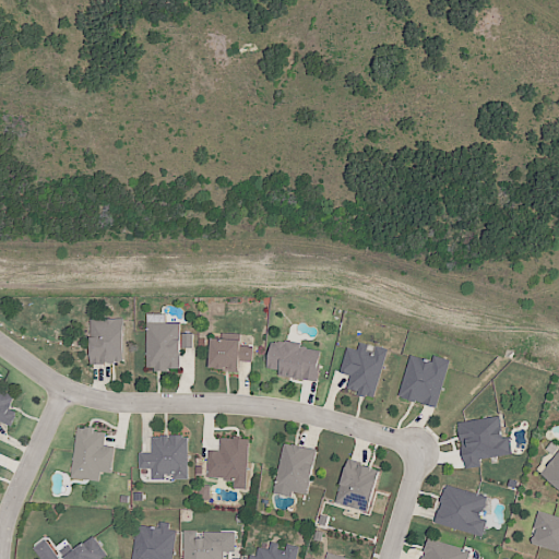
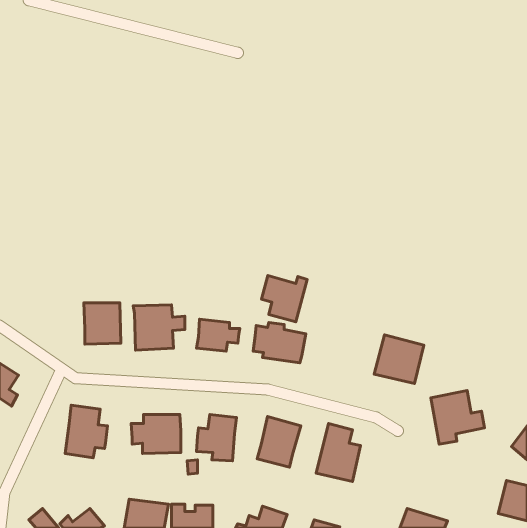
building: [335,346,383,395] -> [262,275,307,322]
building: [433,481,488,533] -> none

